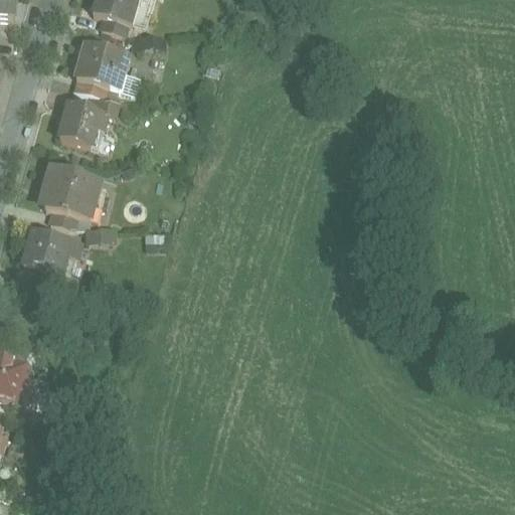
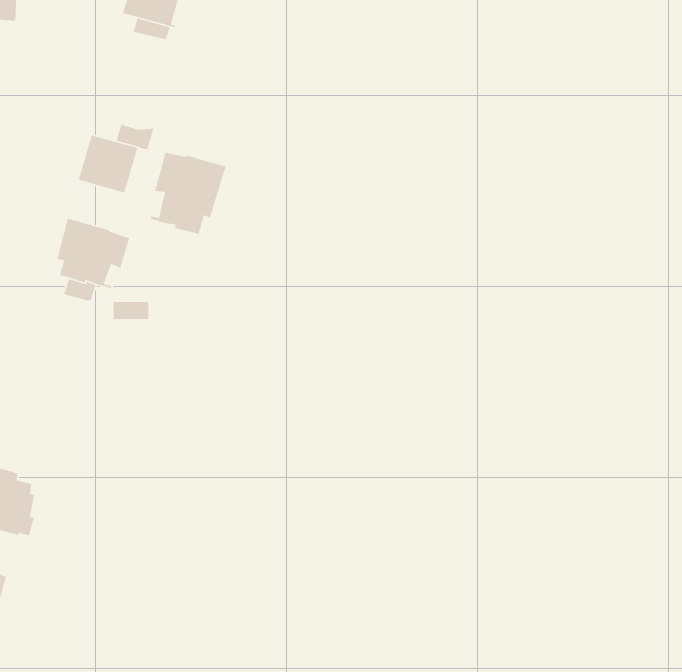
building: [74,39,127,88] -> none
building: none -> [150,152,227,235]
building: [23,227,78,269] -> none

